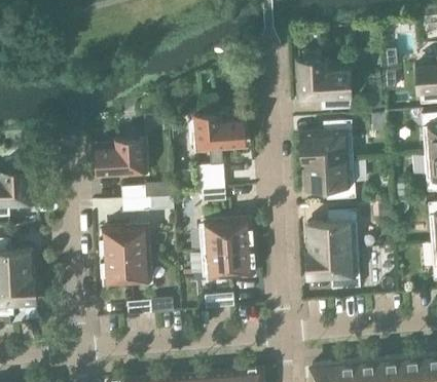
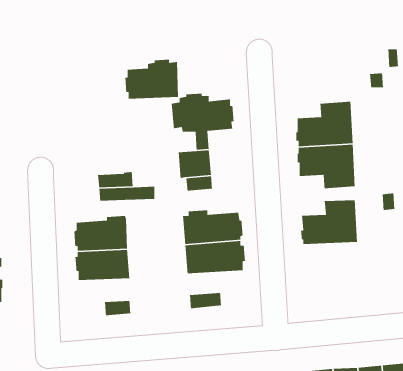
building: [296,51,351,111] -> none
building: [96,138,145,175] -> [124,59,179,100]
building: [306,249,360,289] -> none

